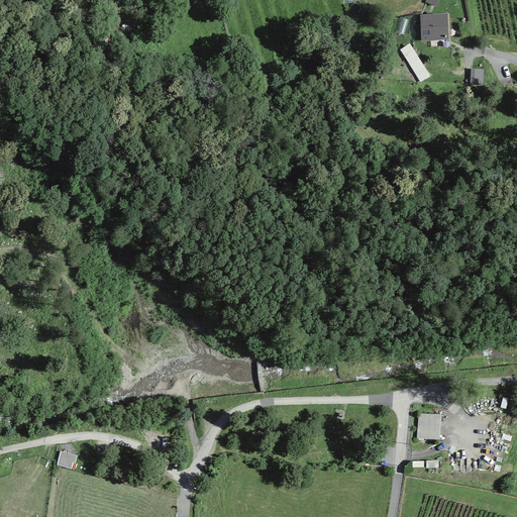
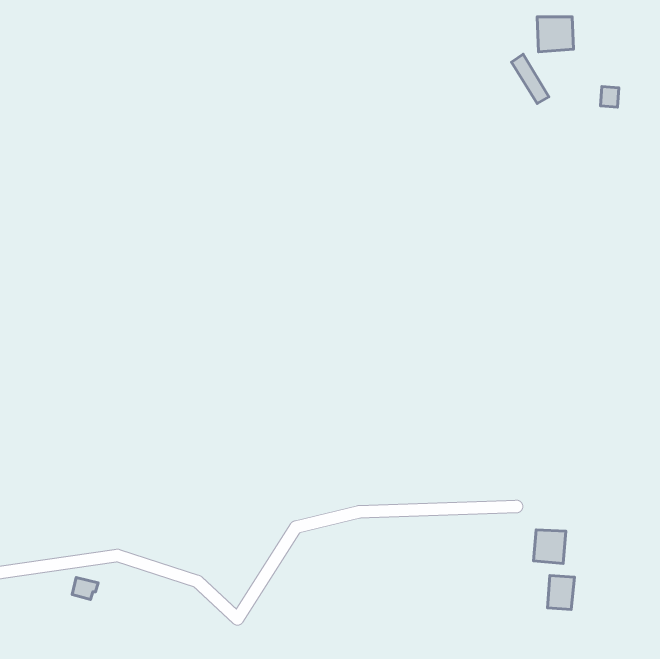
building: none -> [547,575,575,610]

